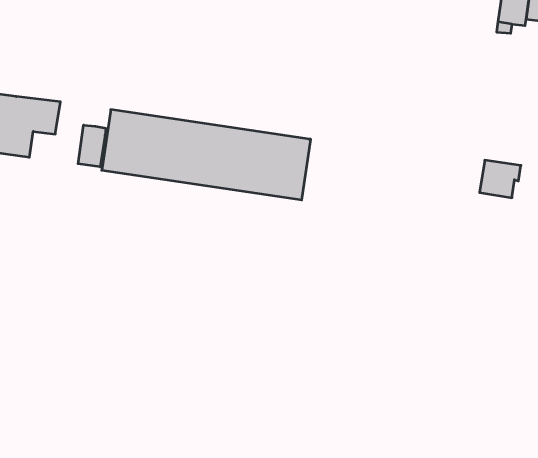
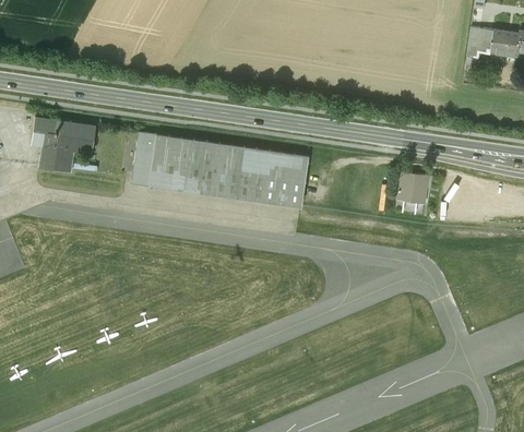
building: [78,125,106,167] -> none
building: [480,160,521,198] -> [396,172,431,204]

